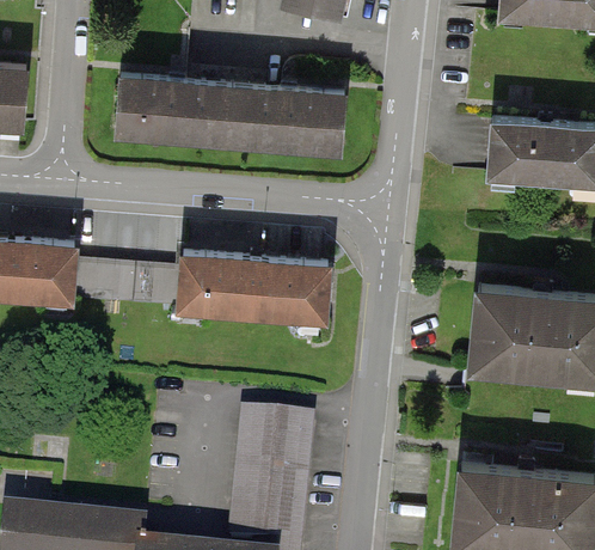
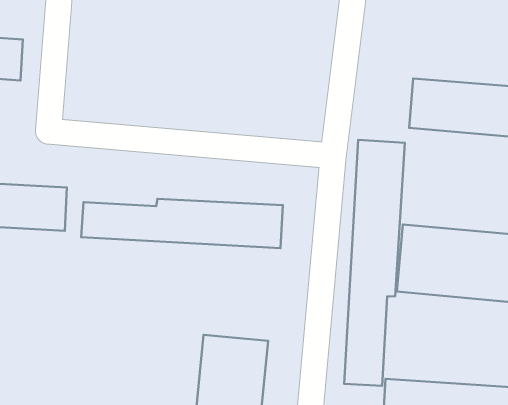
building: [114,81,348,149] -> none
building: none -> [344,140,405,386]

